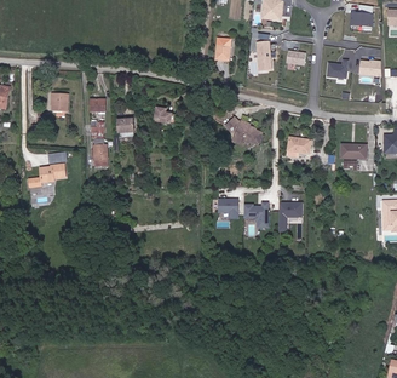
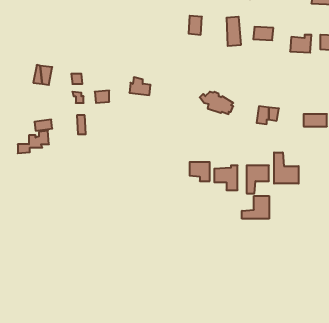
building: none -> [274,152,299,184]
building: none -> [242,196,269,219]

